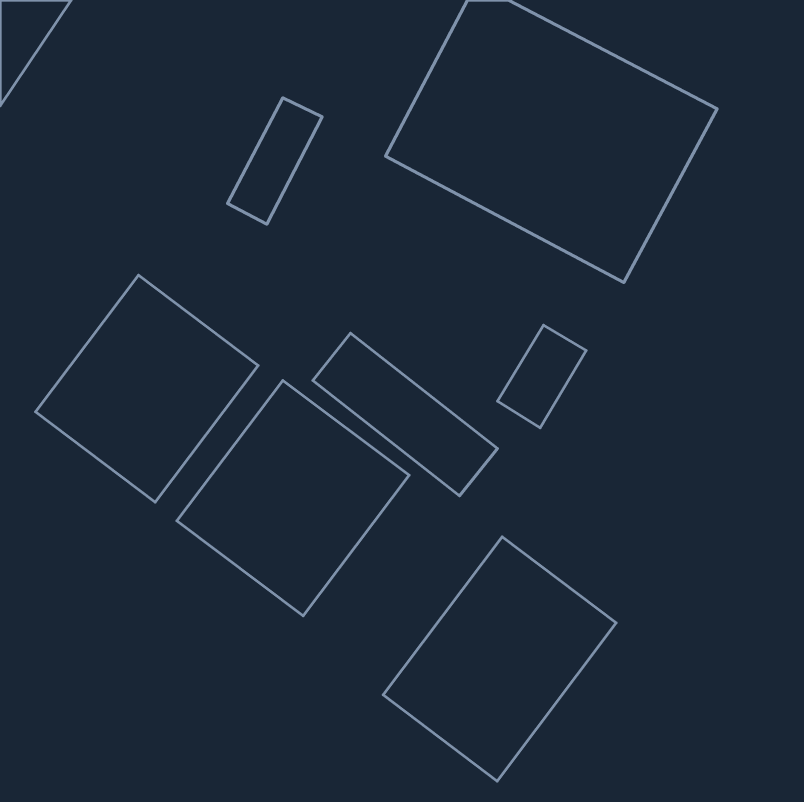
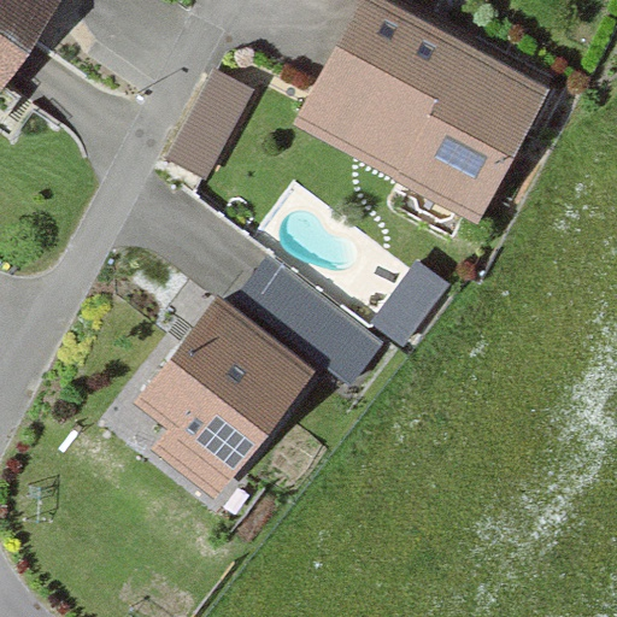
building: [36,275,258,502] -> none
building: [383,537,616,781] -> none

